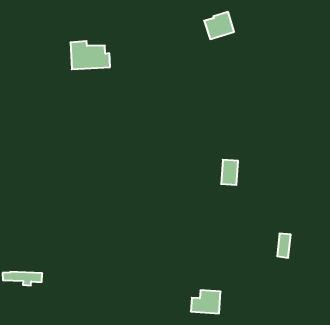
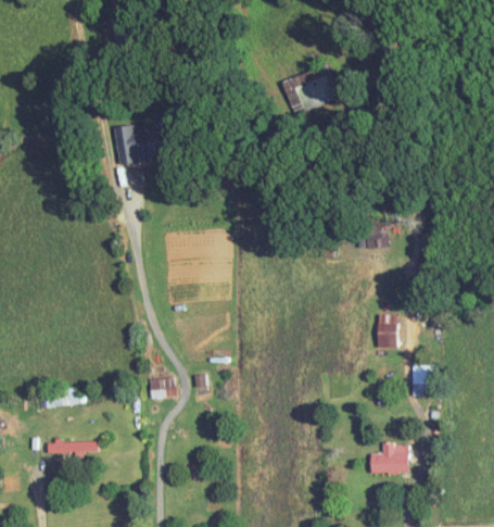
building: [221,160,238,185] -> [376,314,396,347]
building: none -> [147,376,175,399]
building: [191,290,221,313] -> [370,443,408,473]

